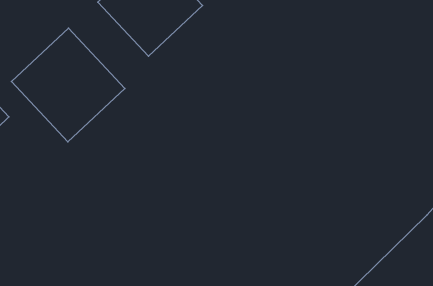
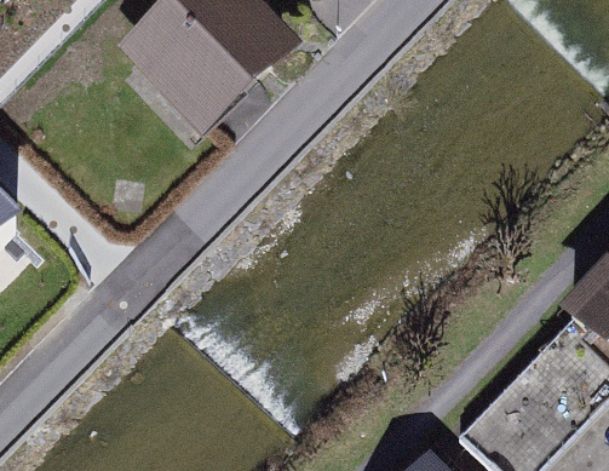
building: [11,28,125,142] -> none

